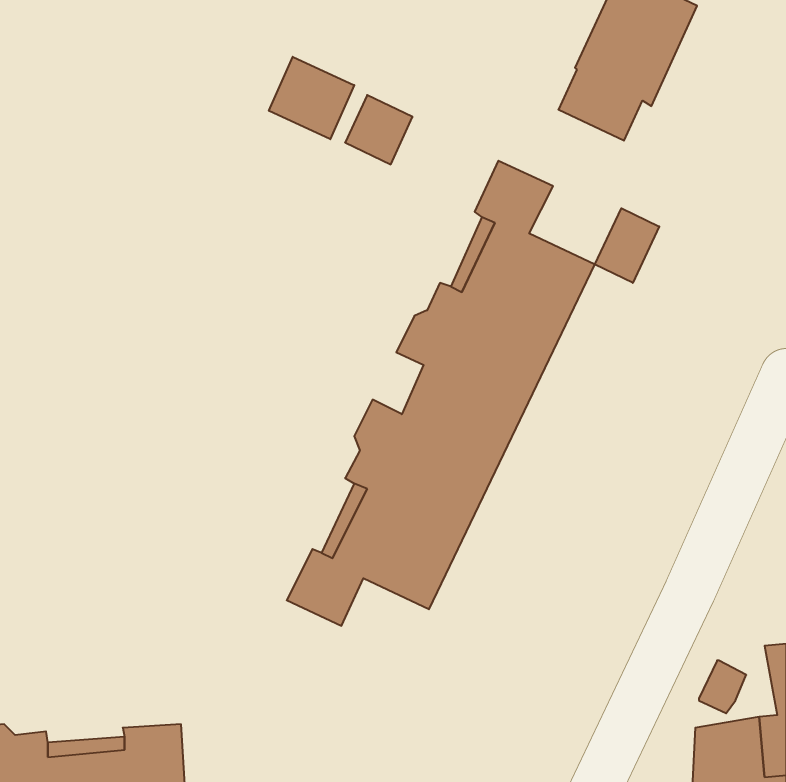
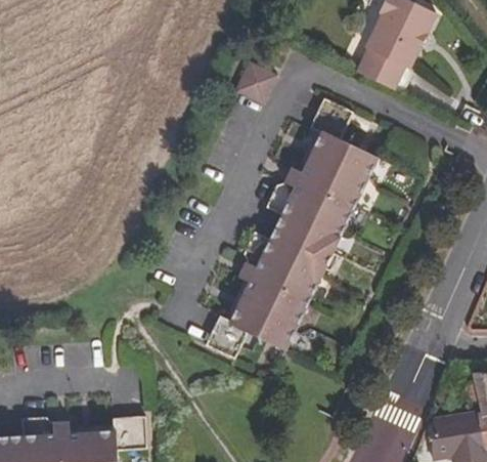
building: [269,57,354,139] -> none
building: [595,208,659,283] -> none

